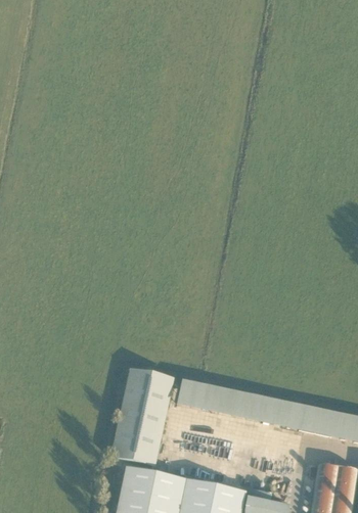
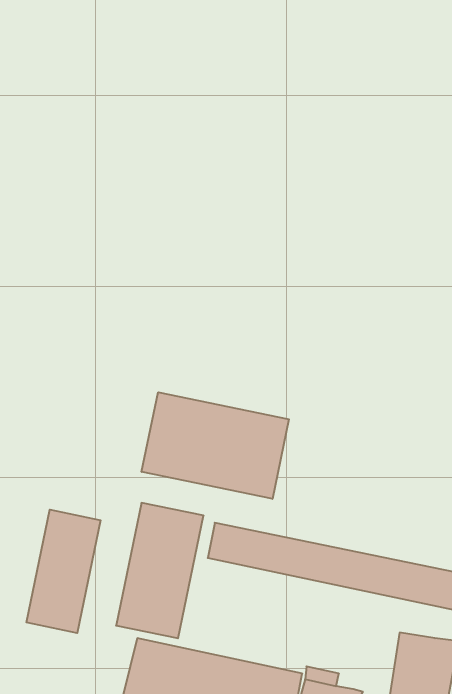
building: none -> [142,392,289,499]
building: none -> [26,510,101,633]

